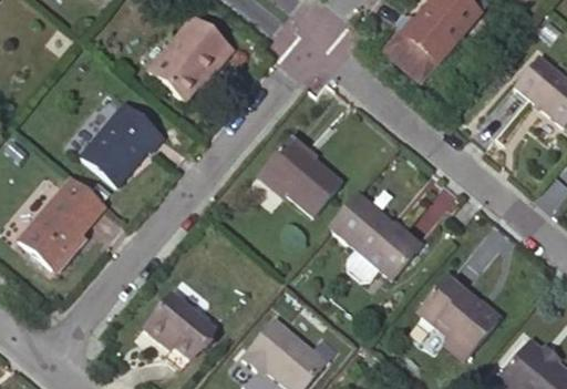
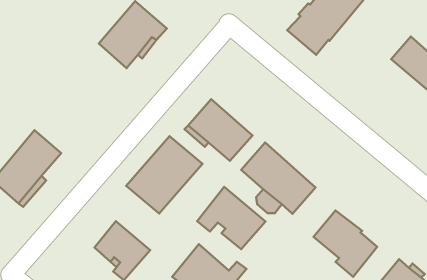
building: [76,103,162,185] -> none
building: none -> [126,136,202,214]
building: none -> [197,187,266,249]

